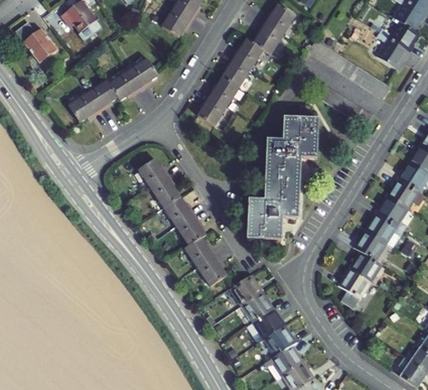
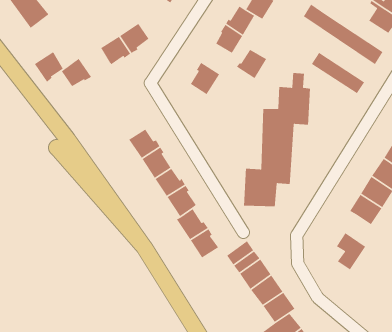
building: [207,78,239,108] -> [236,49,267,79]
building: [86,80,116,111] -> [34,52,64,83]
building: [351,249,384,280] -> none

